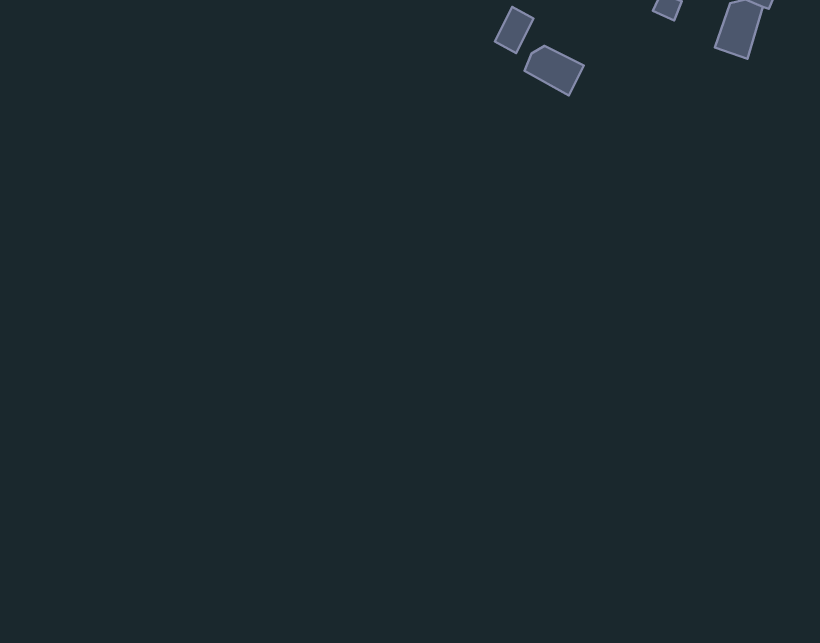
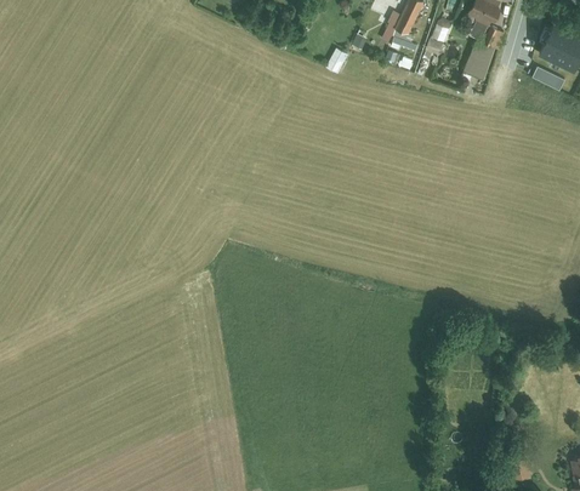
building: [525,46,584,96] -> none

